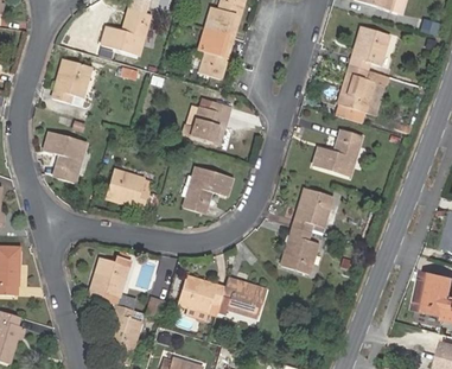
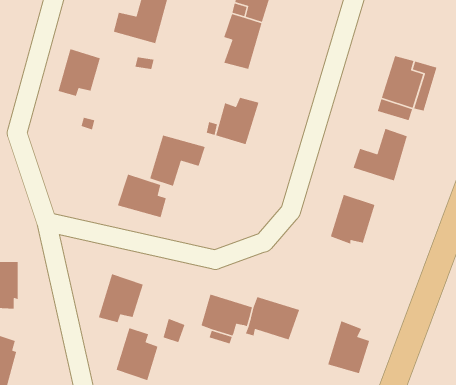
building: [350,26,390,69] -> none
building: [45,131,87,182] -> none
building: [184,166,234,212] -> [149,134,206,187]
building: [281,224,319,272] -> [327,320,370,374]

